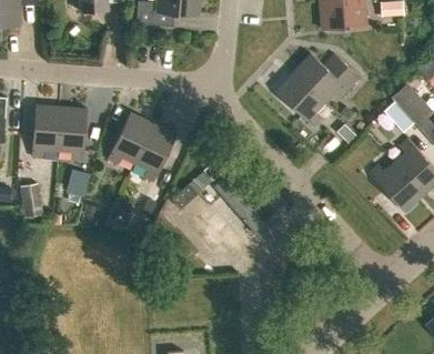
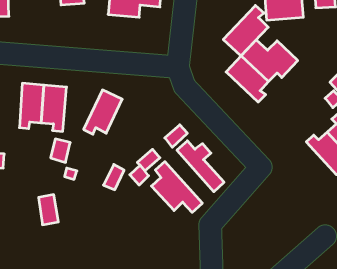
building: none -> [223,5,268,56]
building: [133,123,175,182] -> none
building: [19,181,42,216] -> [39,195,58,225]

